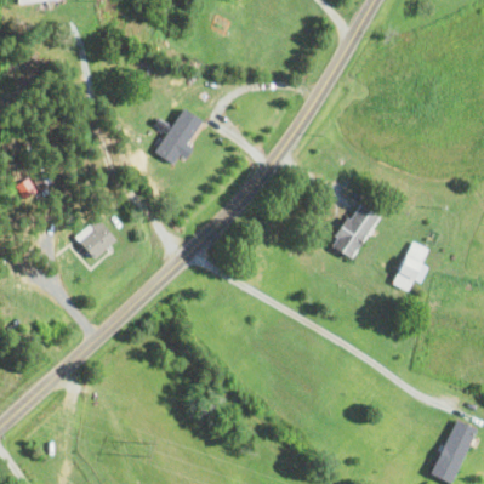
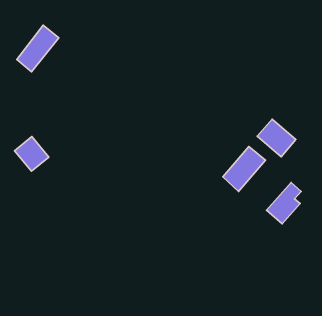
building: [154,108,203,166] -> [17,25,59,72]
building: none -> [257,119,296,157]

